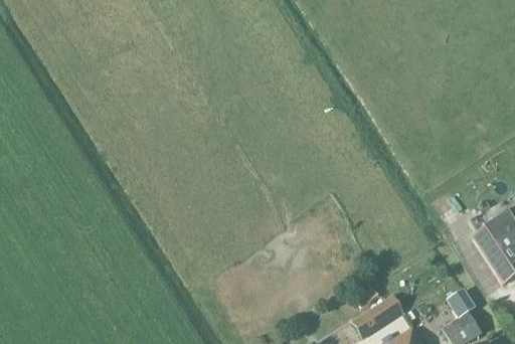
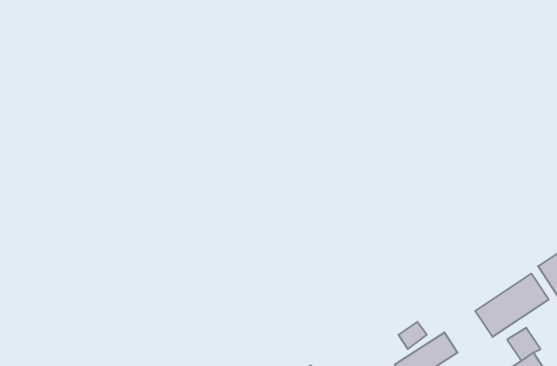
building: none -> [475,274,549,337]

